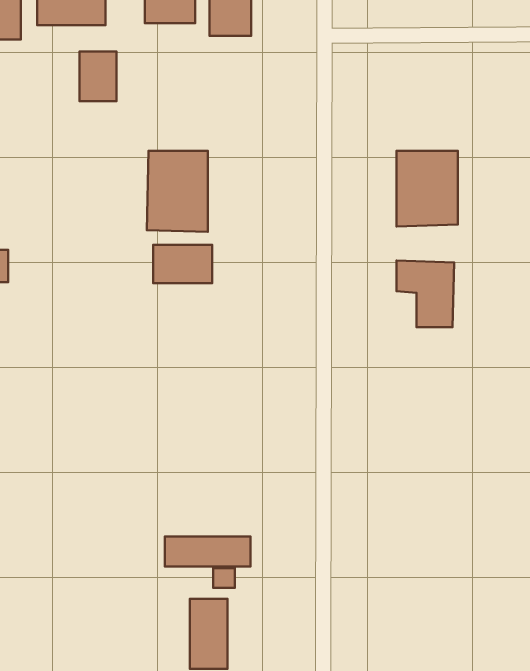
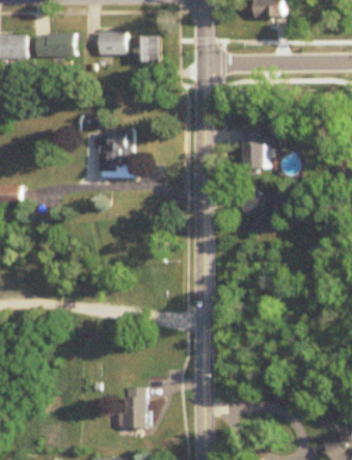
building: [79,52,117,101] -> none
building: [153,245,212,283] -> none
building: [165,537,250,567] -> none

